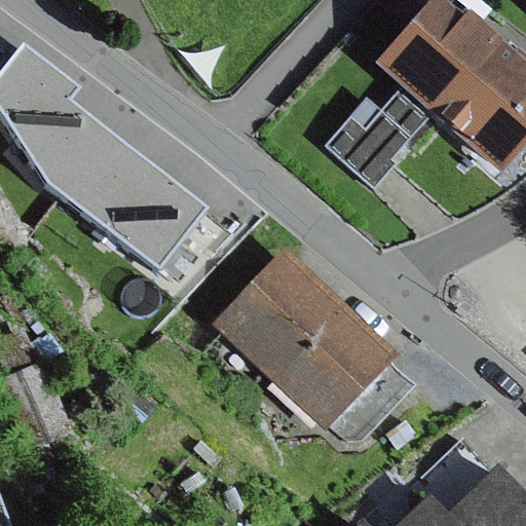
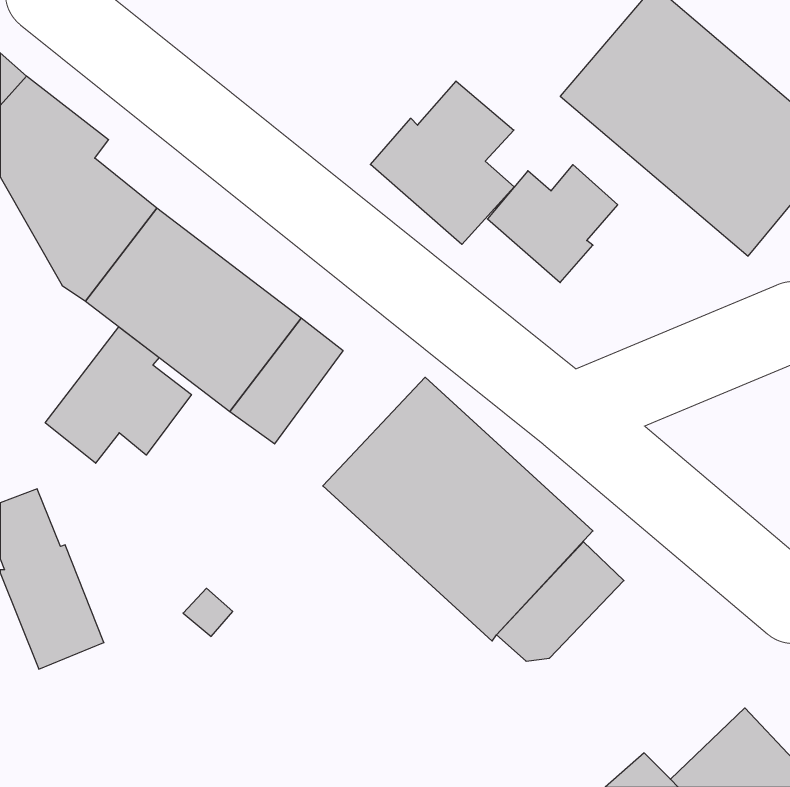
building: none -> [370,81,514,244]
building: none -> [45,327,191,463]

